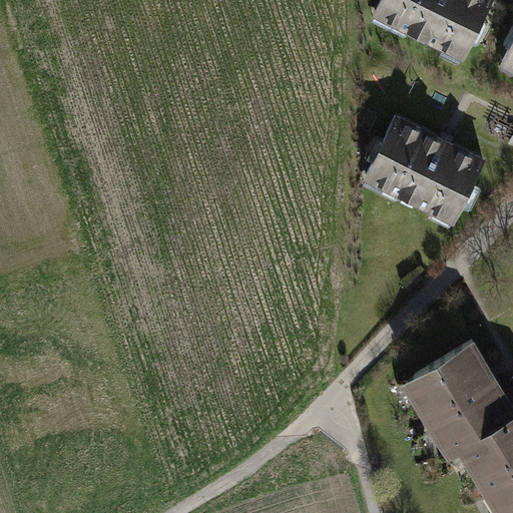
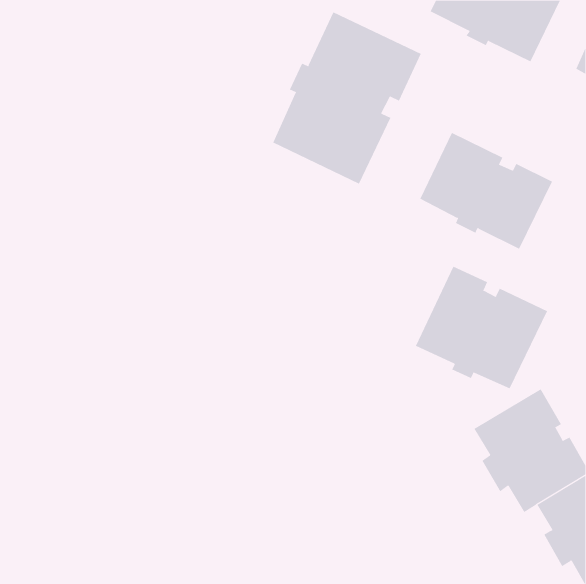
building: none -> [273,11,422,185]
building: none -> [415,266,548,389]

